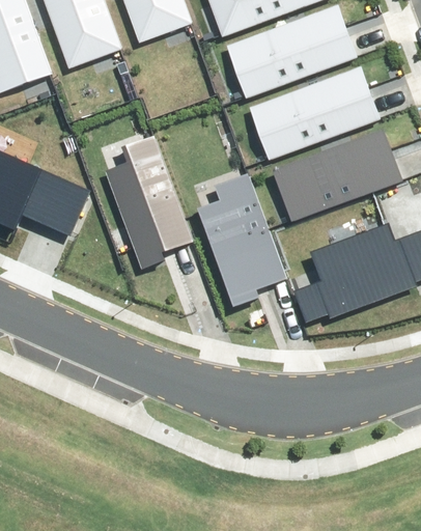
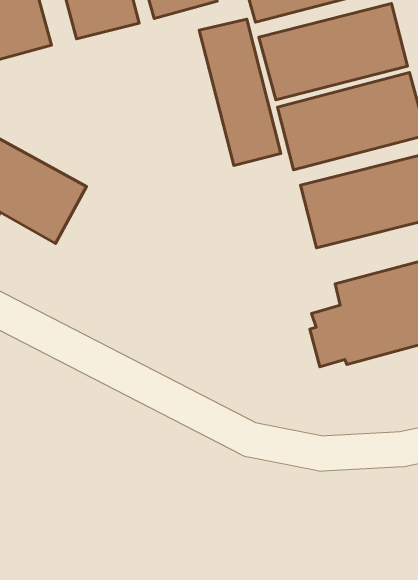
building: none -> [199,19,281,166]
building: [103,137,191,268] -> none
building: [196,172,283,303] -> none

